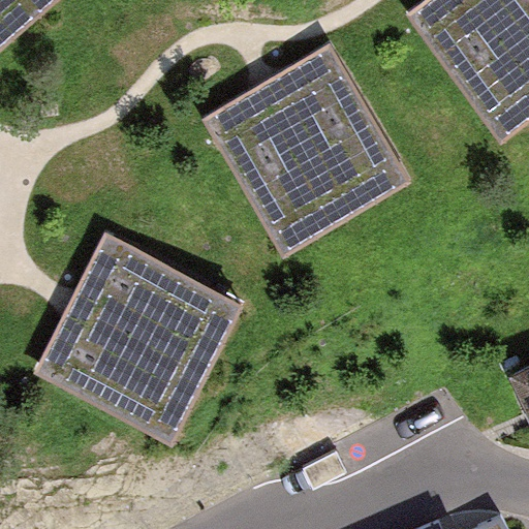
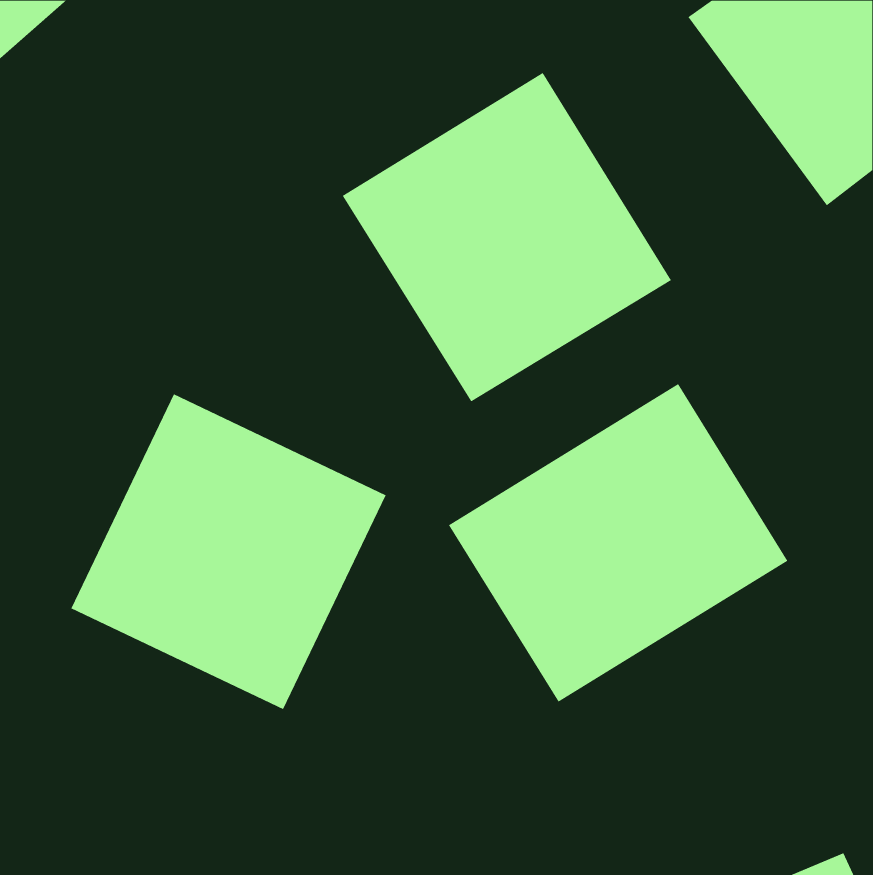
building: none -> [448,383,788,703]

